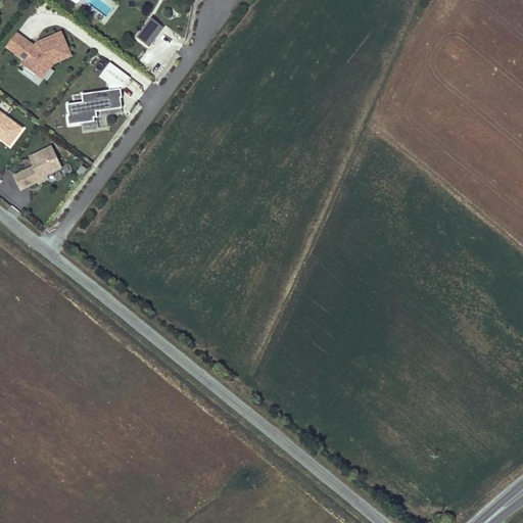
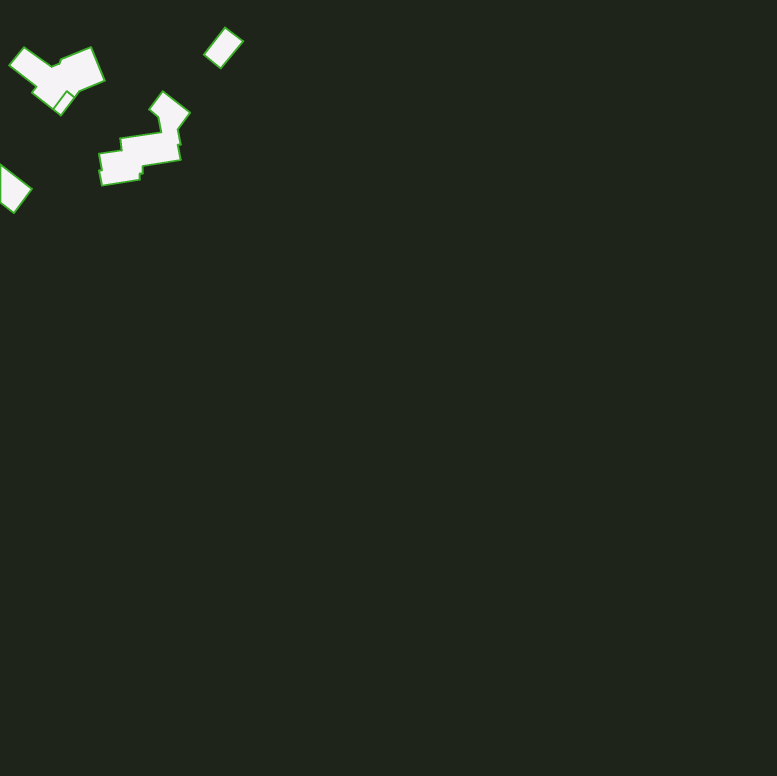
building: [12,145,60,188] -> none

